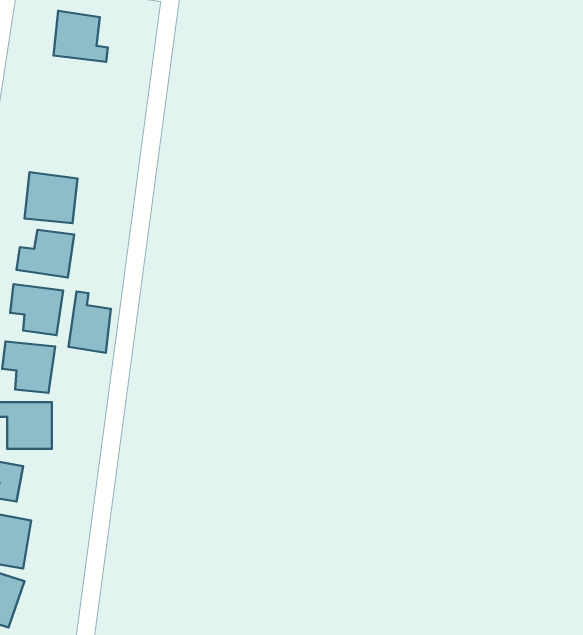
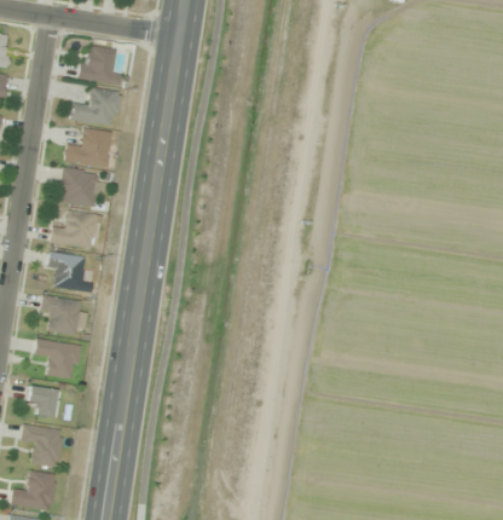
building: none -> [71,88,120,126]
building: none -> [65,129,111,166]
building: [68,291,111,353] -> none

